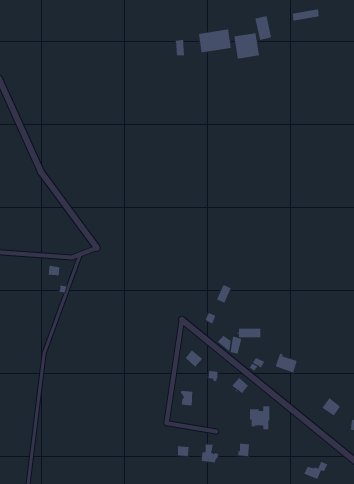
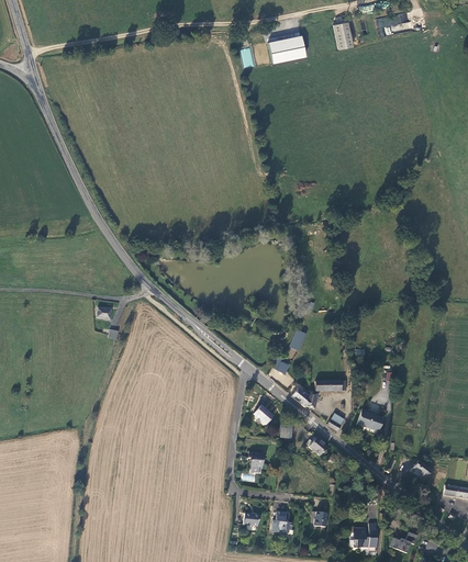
building: [234,32,260,59] -> none
building: [249,406,270,430] -> [353,524,377,551]

